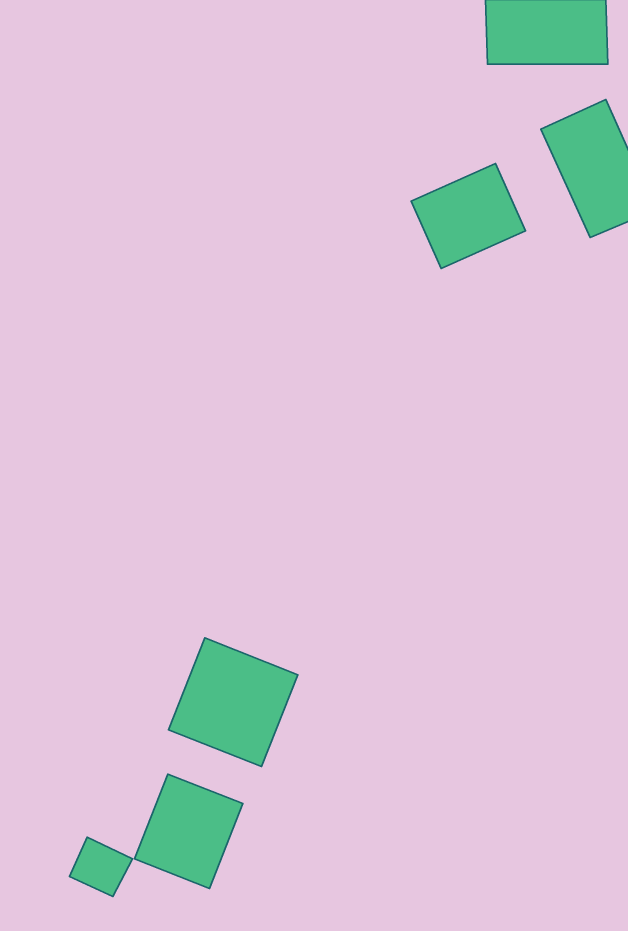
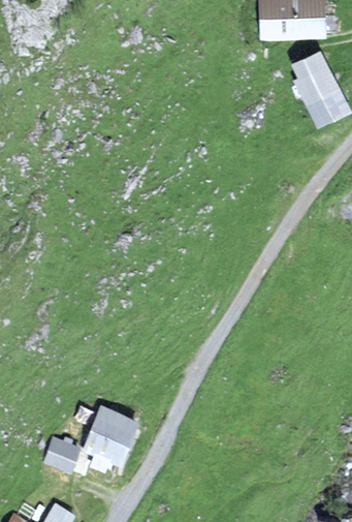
building: [411,163,526,269] -> none
building: [168,638,298,767] -> none

